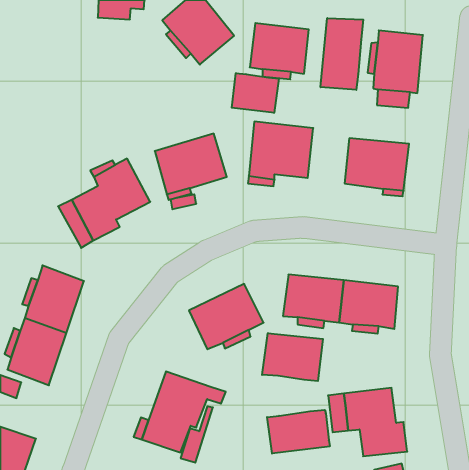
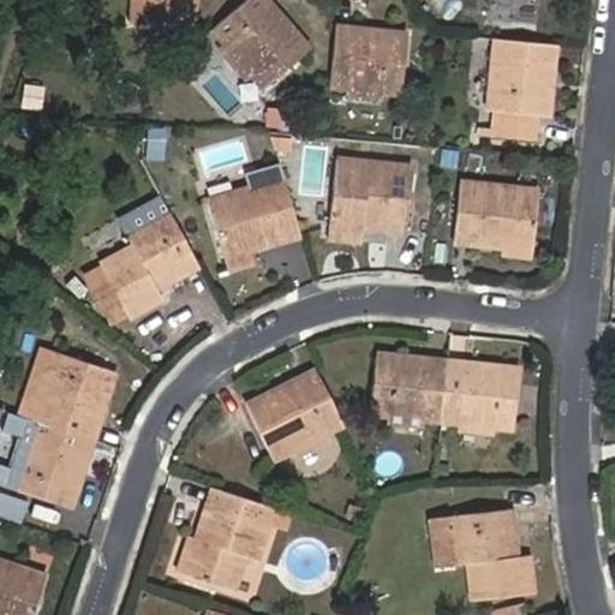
building: [321,18,363,90] -> none
building: [232,73,279,113] -> none
building: [262,333,323,381] -> none
building: [267,410,330,454] -> none

